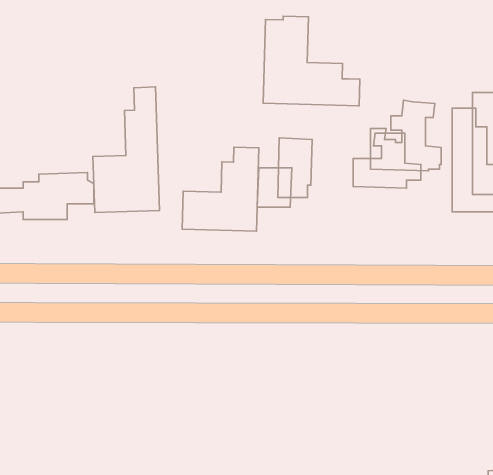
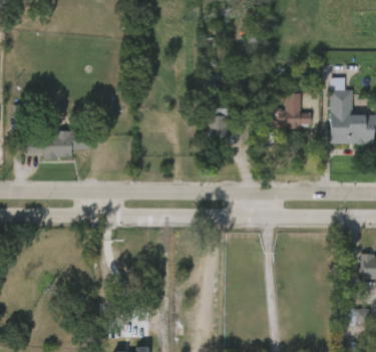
building: [263,16,360,106] -> none
building: [93,87,159,213] -> none
building: [182,147,259,231] -> none

